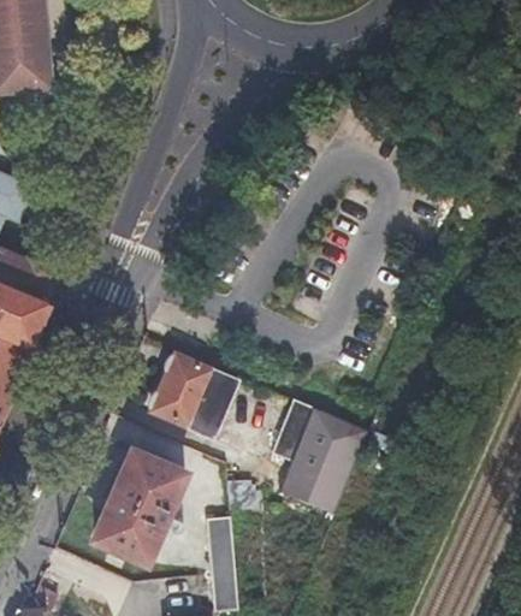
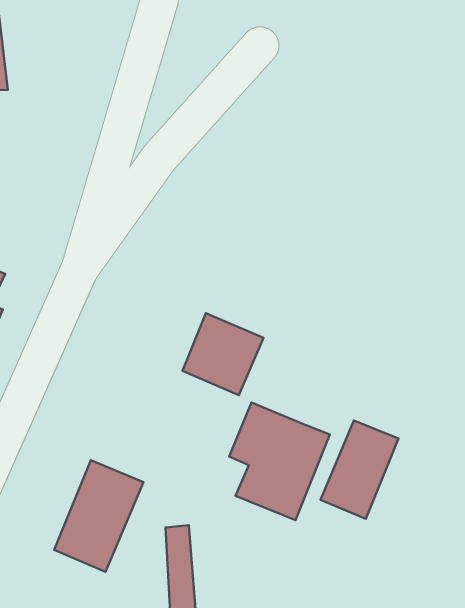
building: [152,355,231,436] -> [183,313,263,395]
building: none -> [321,421,398,519]

